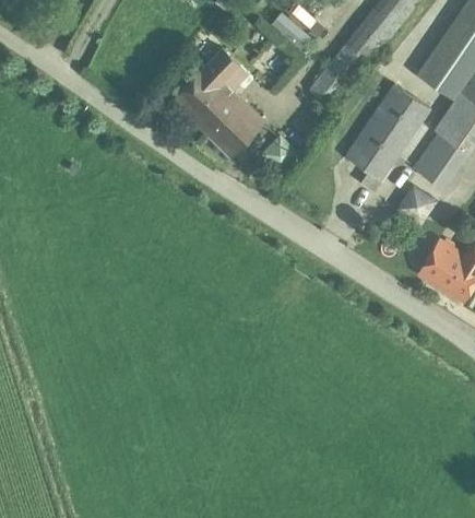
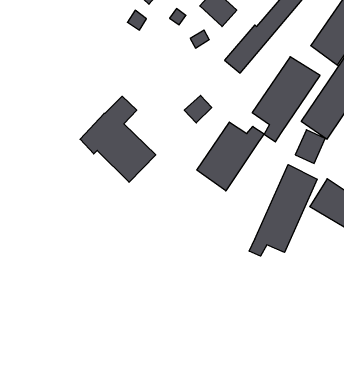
building: [168,49,264,158] -> [80,96,156,182]
building: none -> [197,122,264,191]
building: none -> [249,165,317,256]

